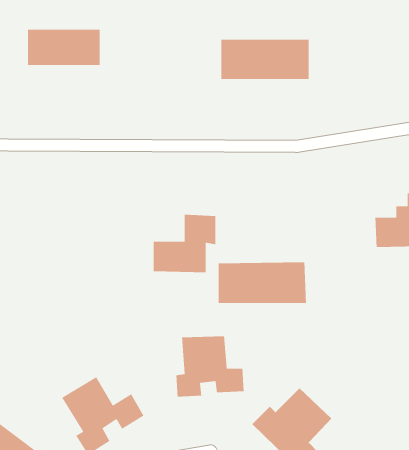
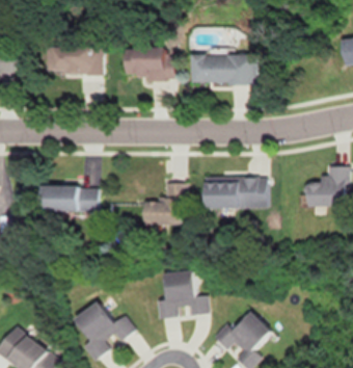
building: none -> [124,55,175,79]
building: none -> [37,186,99,213]
building: [218,262,307,304] -> [202,178,268,209]

